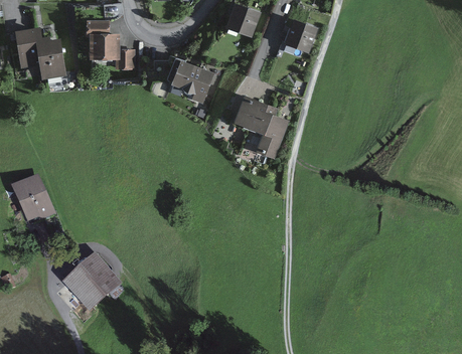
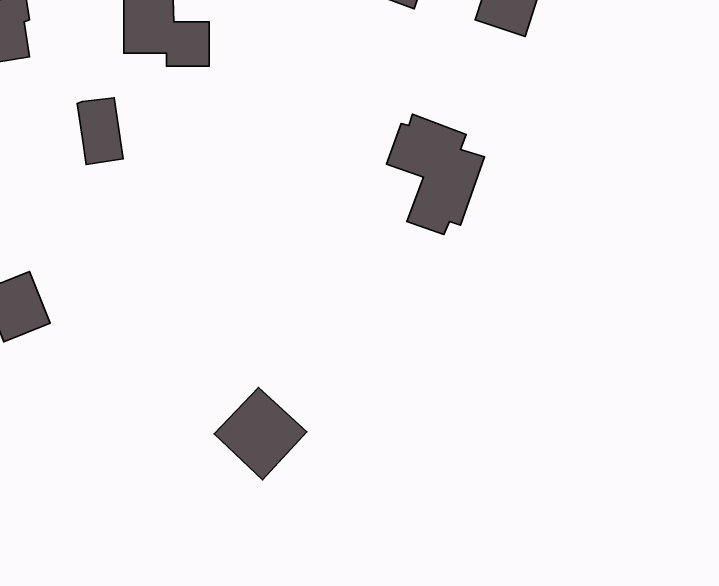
building: [36,41,61,77] -> [77,98,123,165]
building: [171,63,211,104] -> none
building: [68,256,119,307] -> [214,387,307,480]

